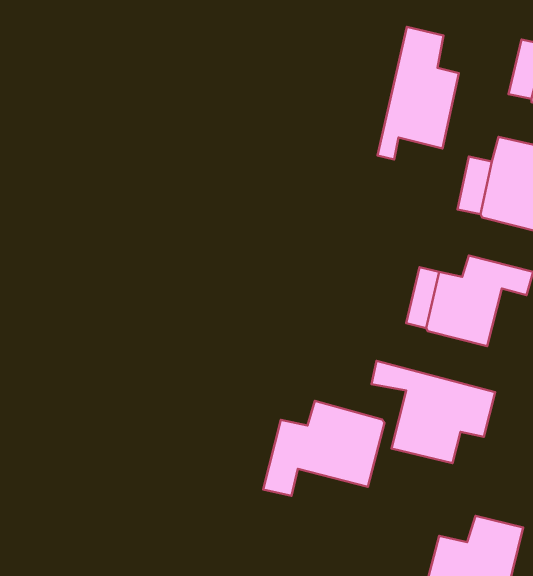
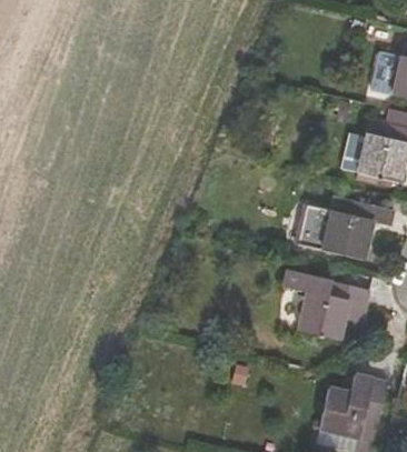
building: [378,27,459,159] -> none
building: [263,401,385,496] -> none

